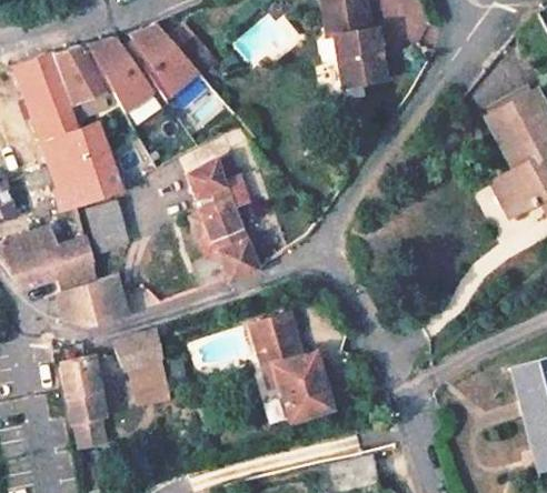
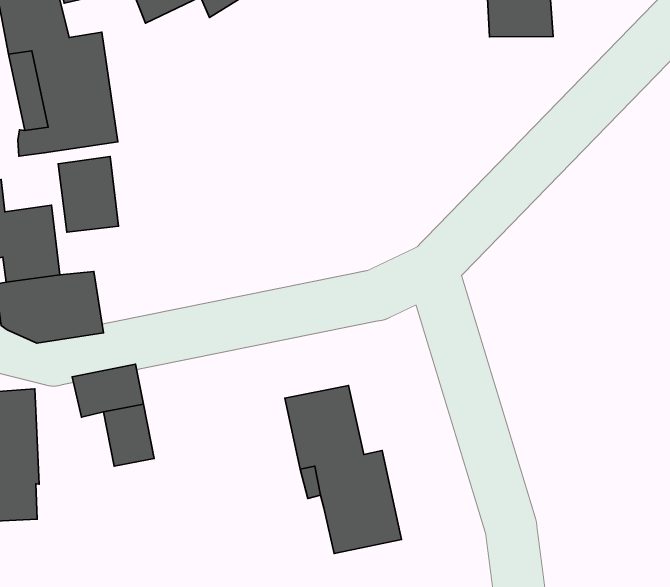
building: [187,153,259,278] -> none

